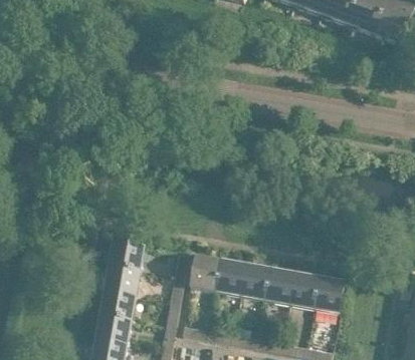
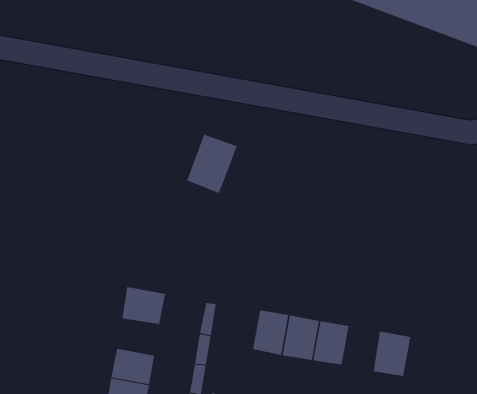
building: none -> [186,134,237,194]
building: [192,254,223,290] -> none
building: [107,265,142,295] -> none
building: [290,271,321,308] -> none

